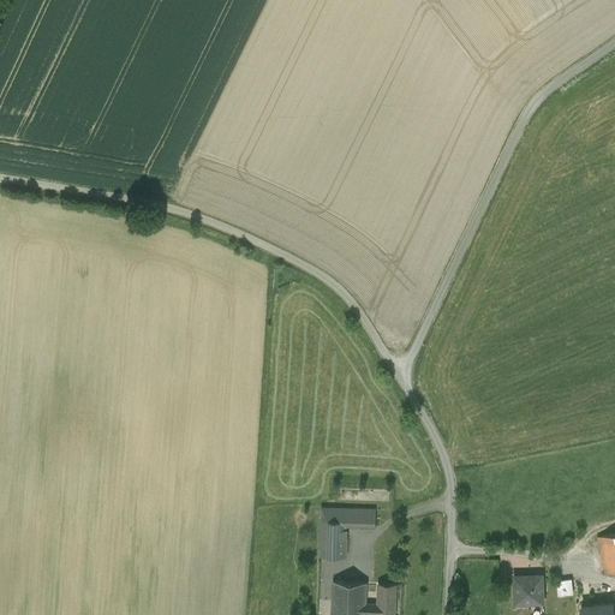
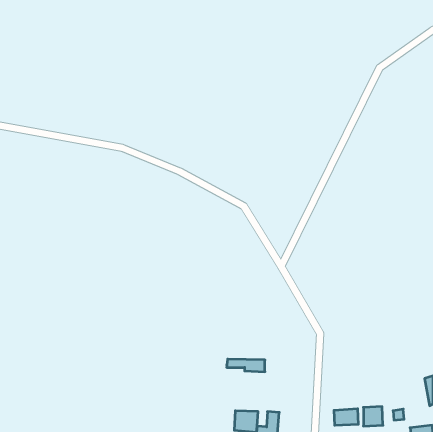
building: [321,523,346,560] -> none
building: none -> [334,409,358,425]

